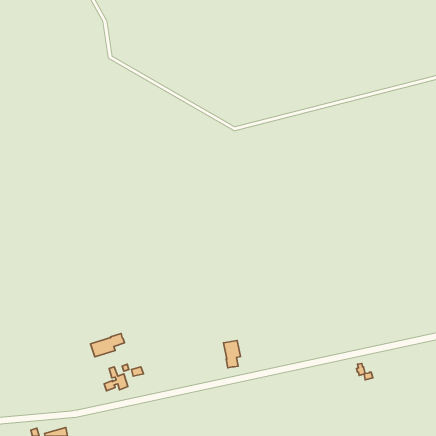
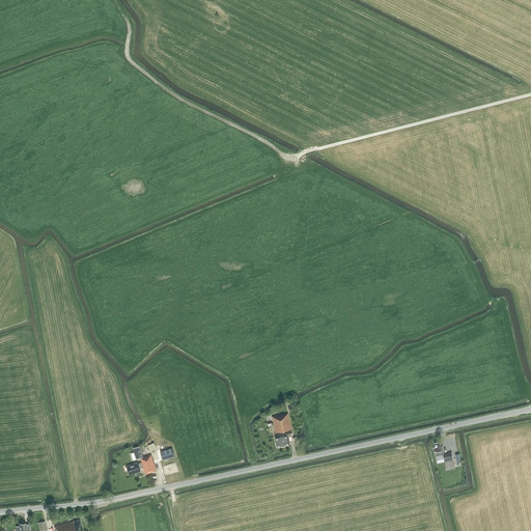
building: [90,333,125,357] -> none

